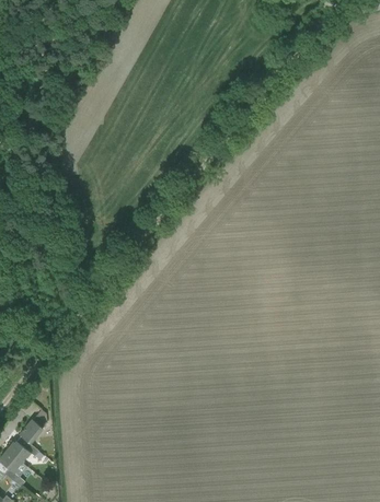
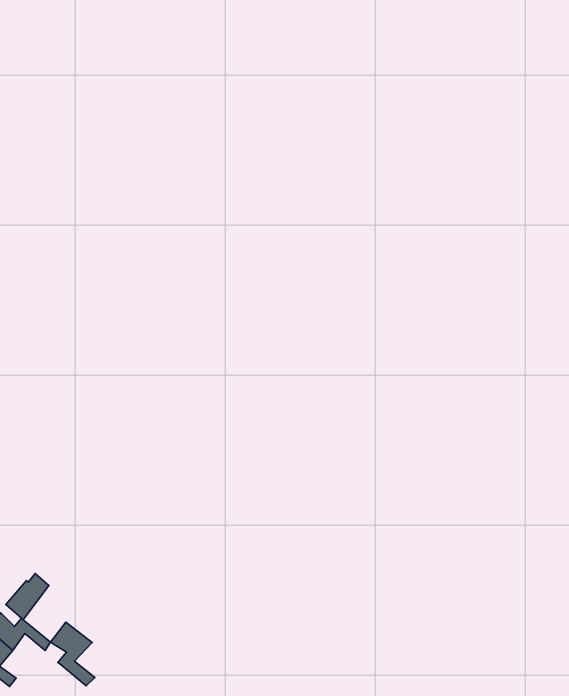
building: none -> [50,622,95,686]

